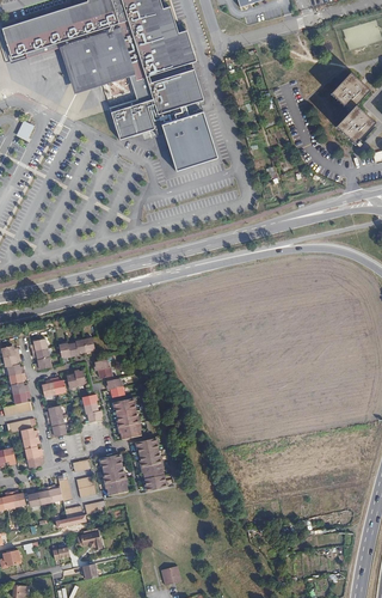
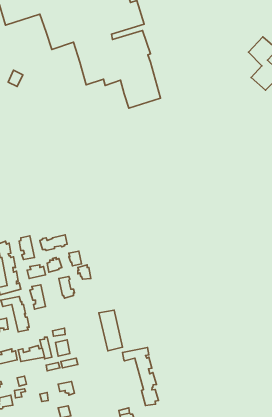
building: [115,397,141,439] -> none
building: [100,453,128,494] -> none
building: none -> [123,348,158,406]

